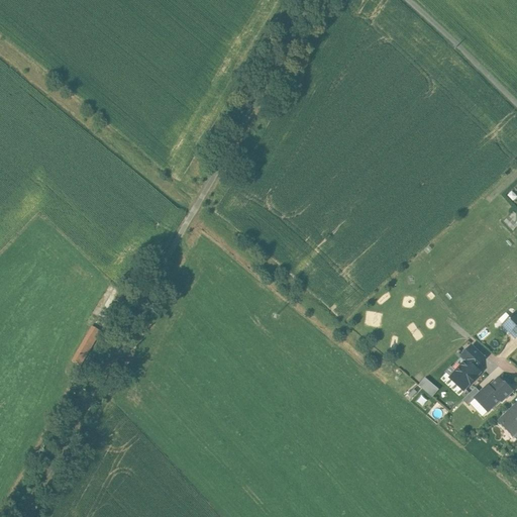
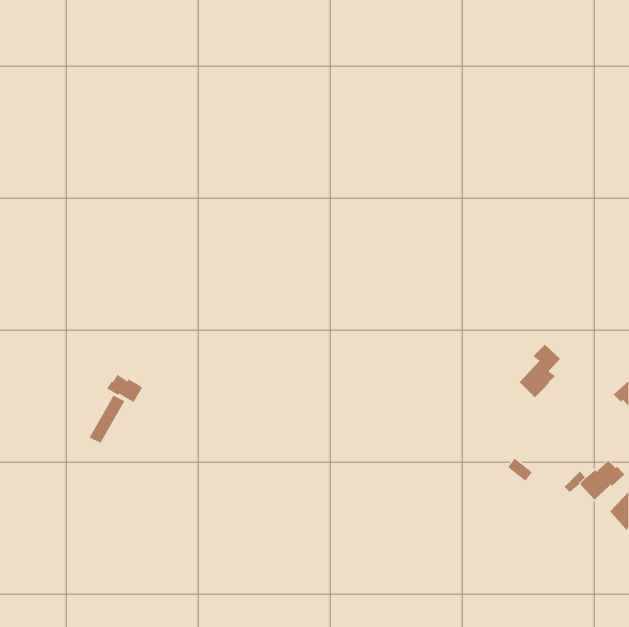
building: none -> [106,374,143,403]
building: [450,345,485,390] -> [519,344,561,398]

